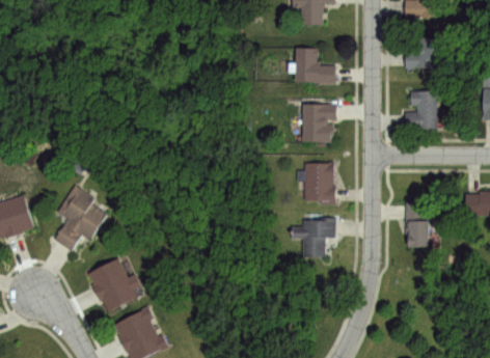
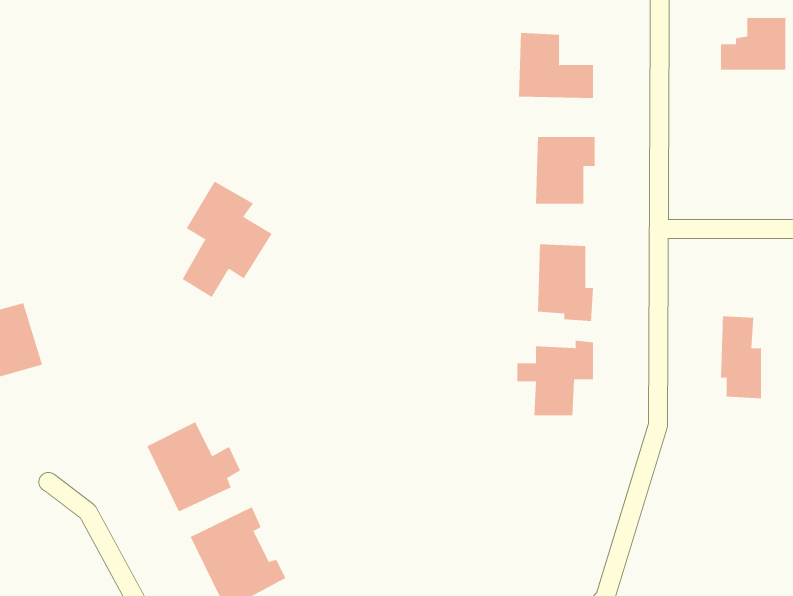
building: [404,91,436,131] -> none
building: [56,186,106,250] -> [182,181,273,298]

